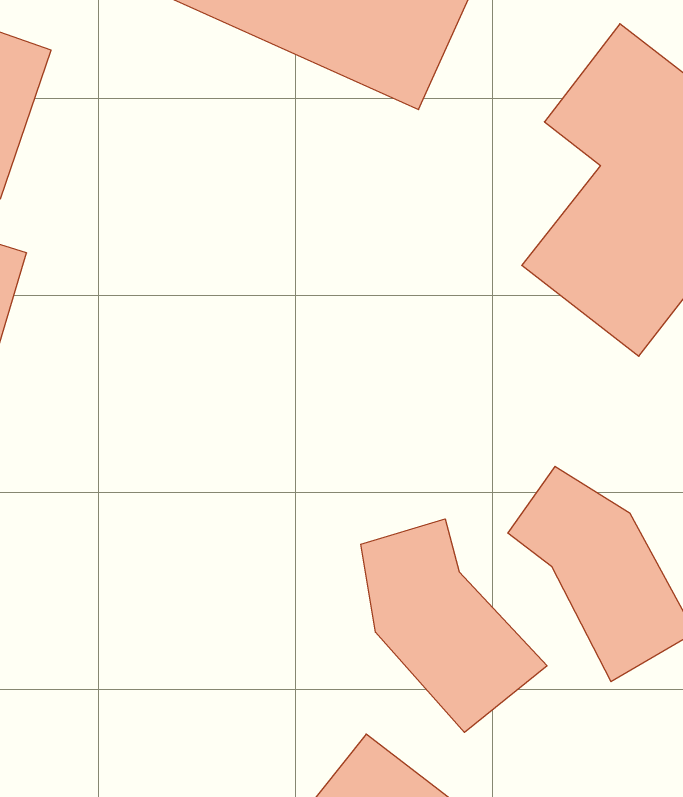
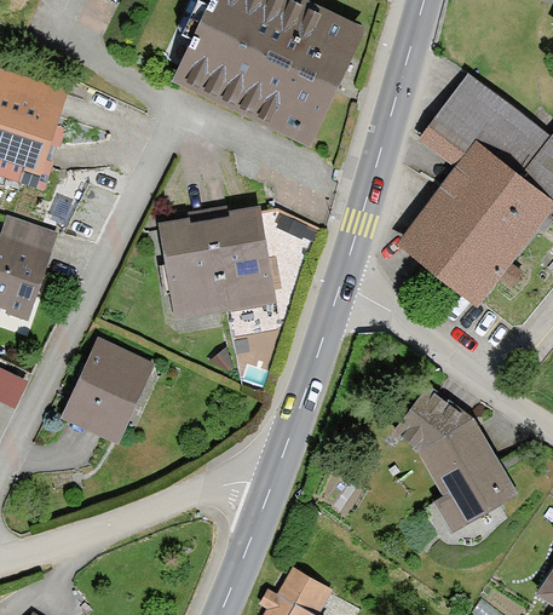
building: none -> [152,207,286,323]
building: none -> [61,335,157,439]
building: [361,519,547,732] -> none

